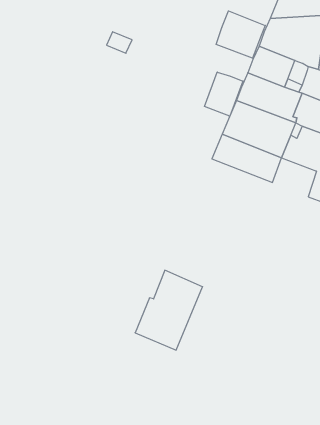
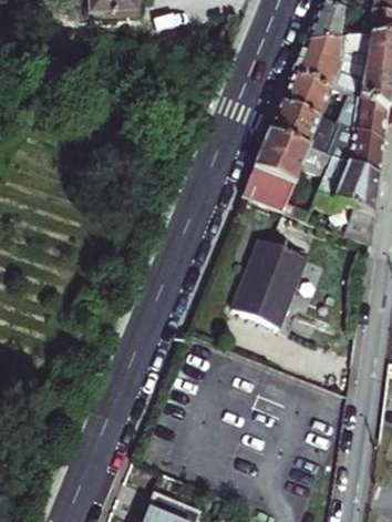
building: [216,11,265,58] -> none
building: [205,72,243,116] -> none
building: [135,270,203,350] -> [231,239,305,326]

